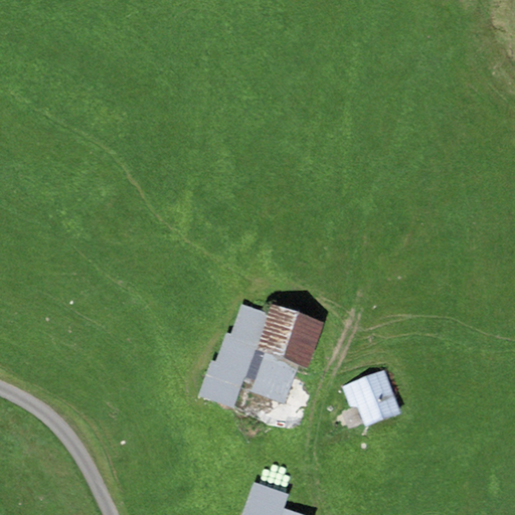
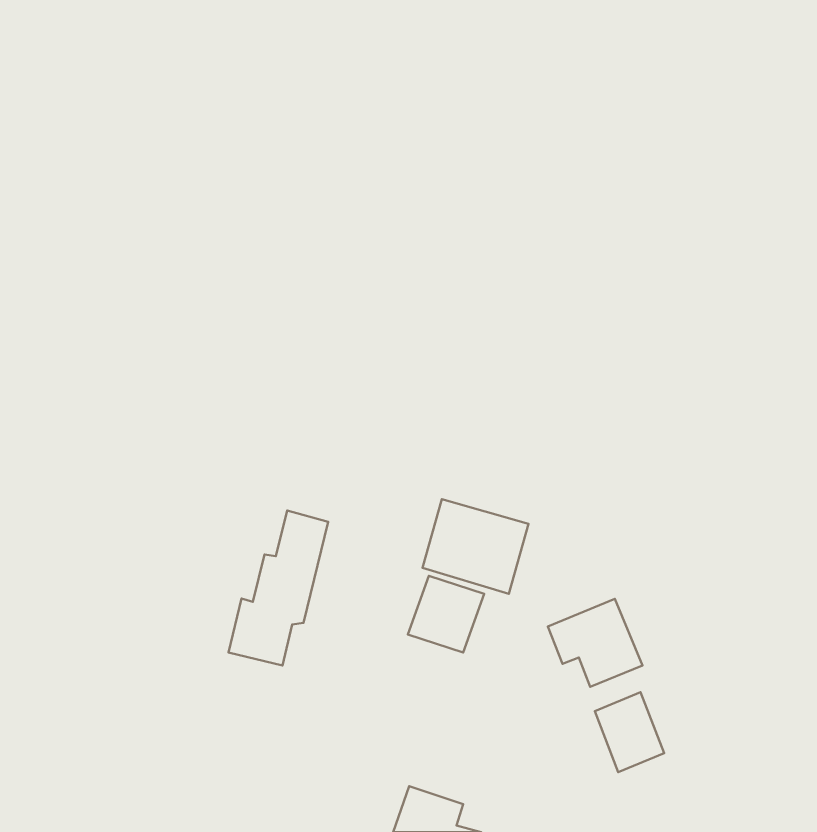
building: [201,309,263,404] -> [229,510,328,665]
building: none -> [595,692,664,772]

